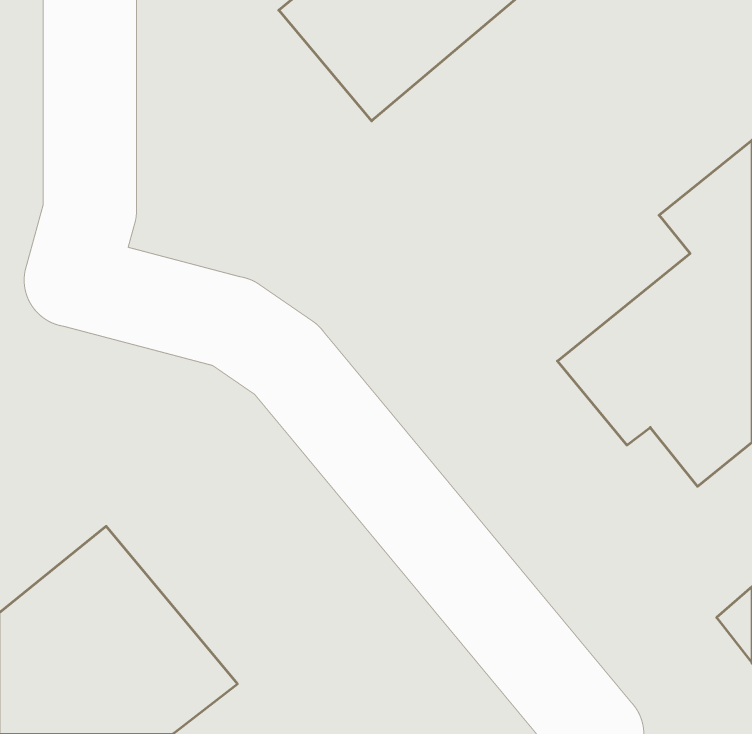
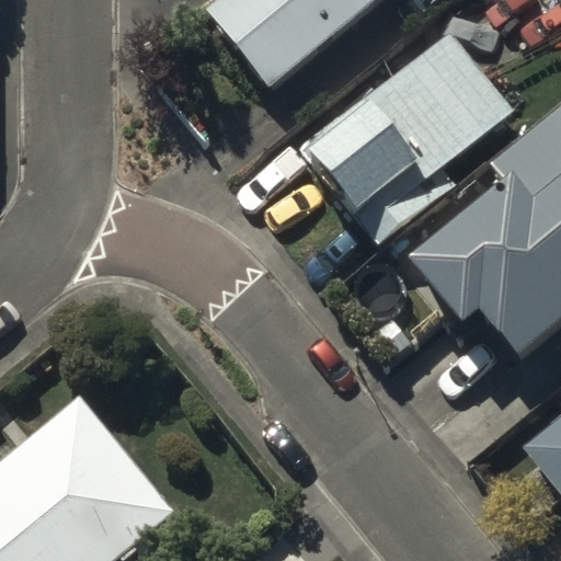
building: none -> [302,30,515,242]

